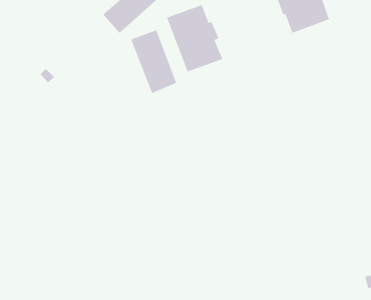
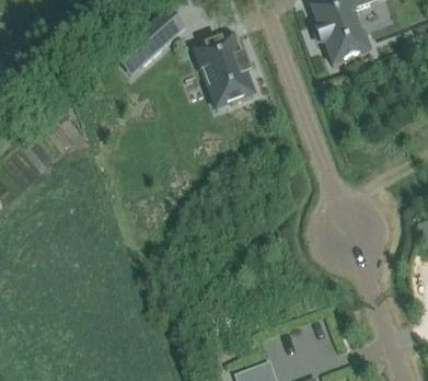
building: [130,29,177,94] -> none

